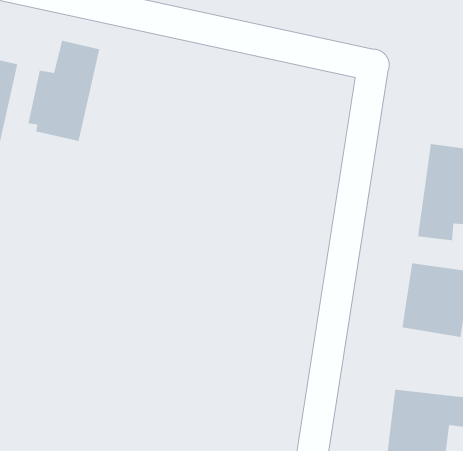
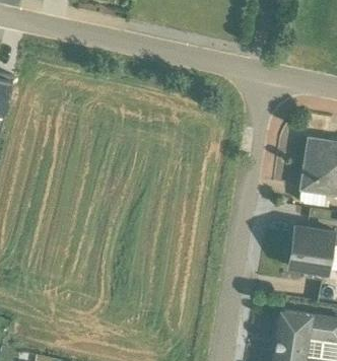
building: [28,40,100,142] -> none

